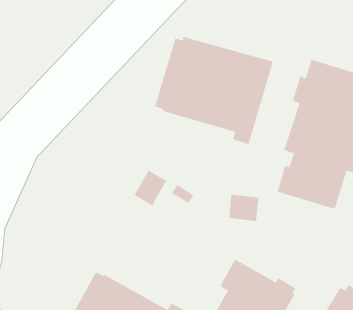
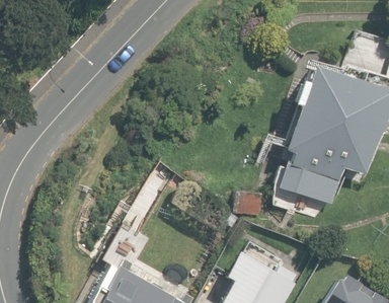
building: [155,36,274,145] -> none

